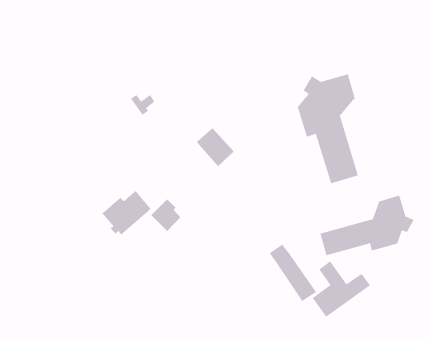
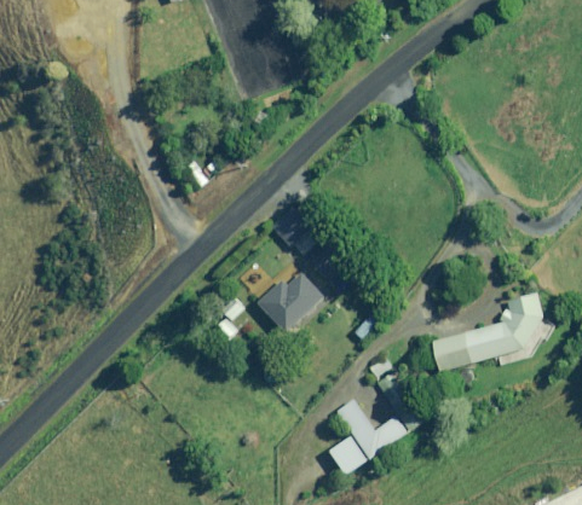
building: [297,74,359,184] -> none
building: [102,190,151,236] -> [257,272,322,331]
building: [312,260,371,318] -> [328,400,405,475]

